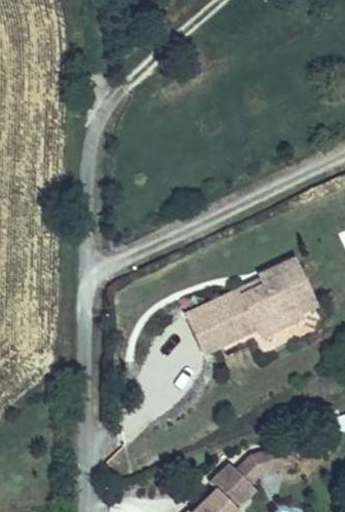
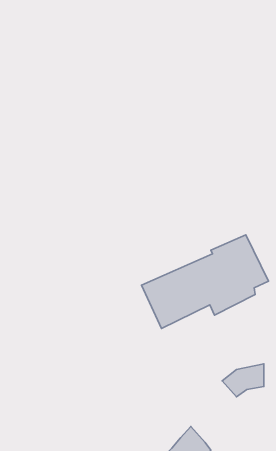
building: [236,446,281,482] -> [222,364,264,397]

